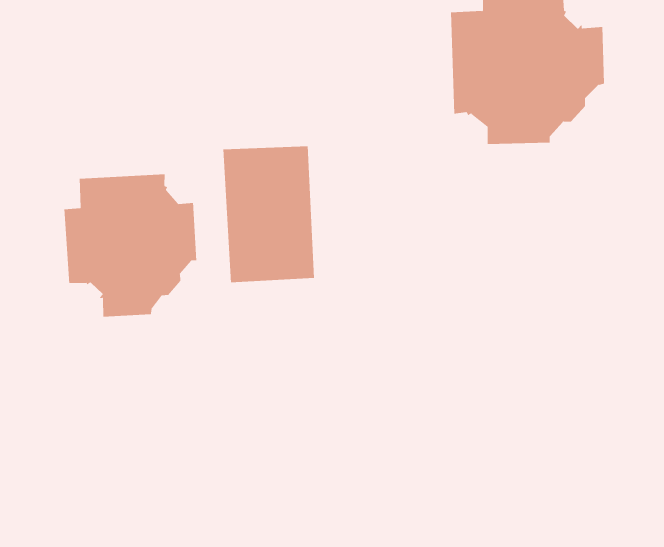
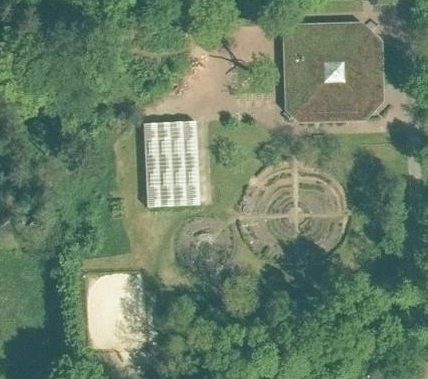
building: [64,174,197,318] -> none

